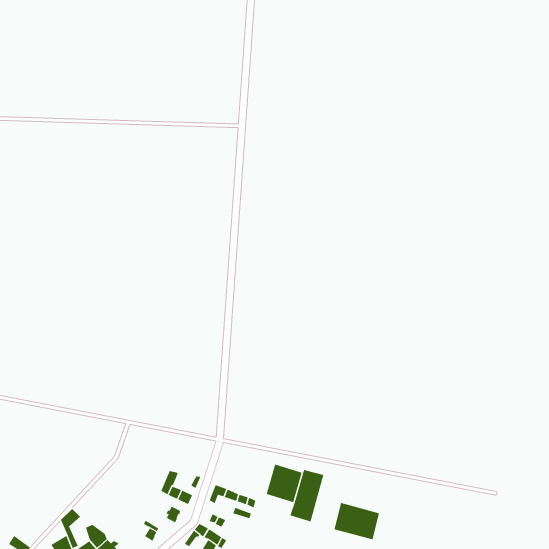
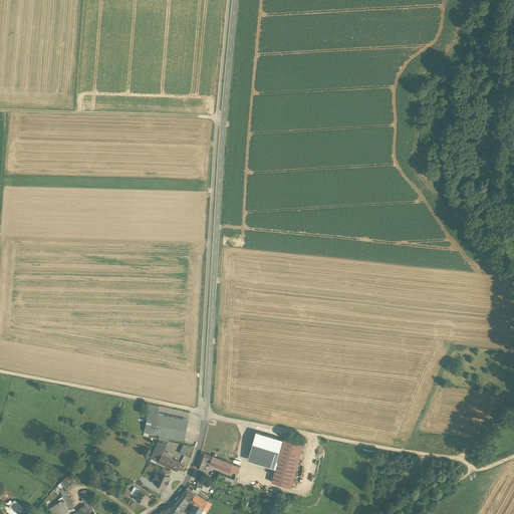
building: none -> [144,413,187,441]
building: [334,502,380,540] -> none

